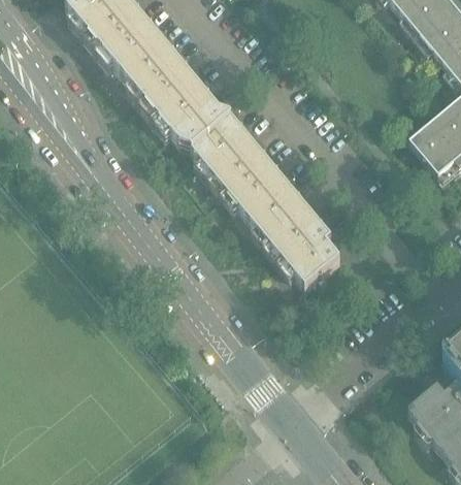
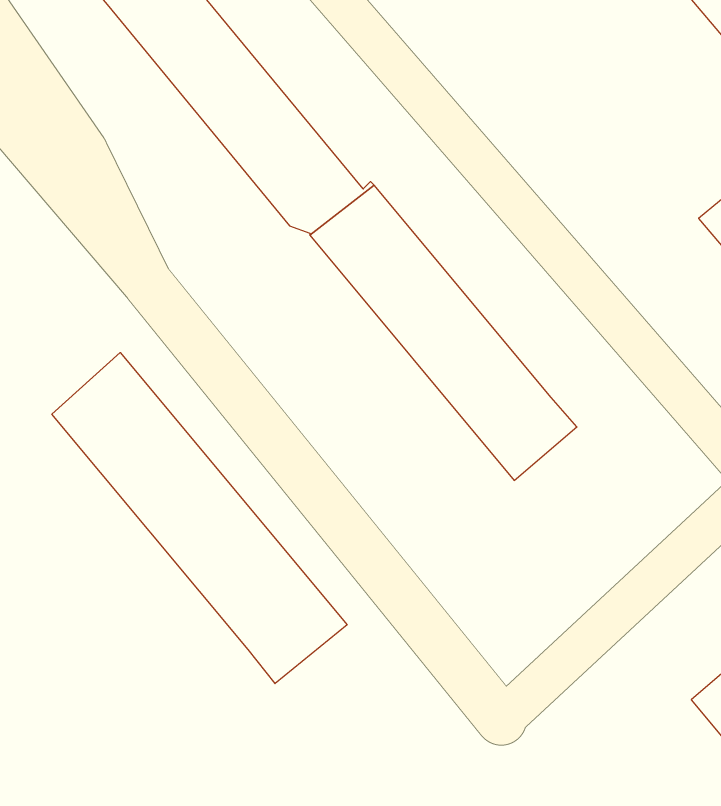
building: none -> [52,353,347,684]

